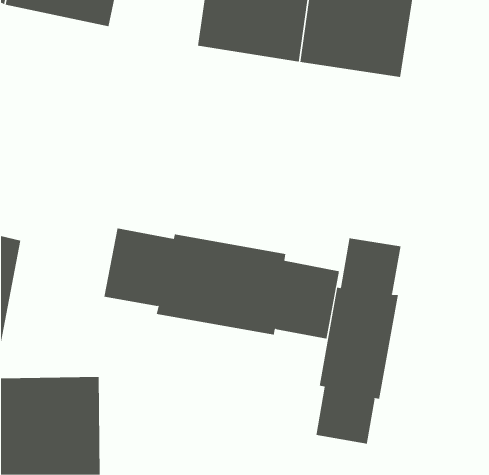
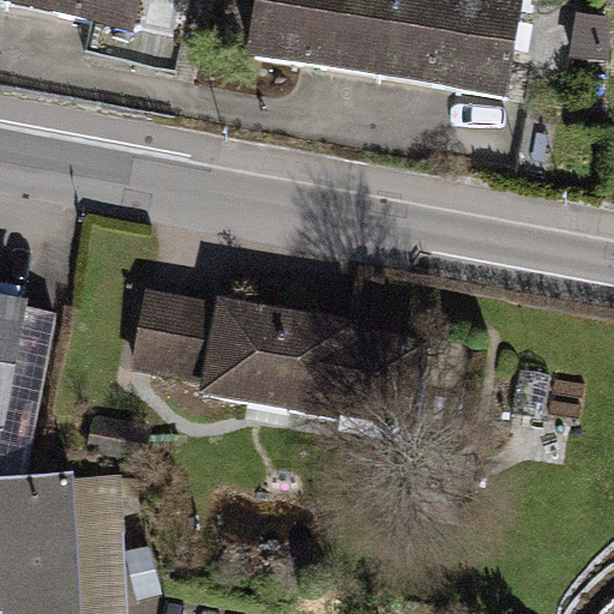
building: [316,237,401,445] -> none

